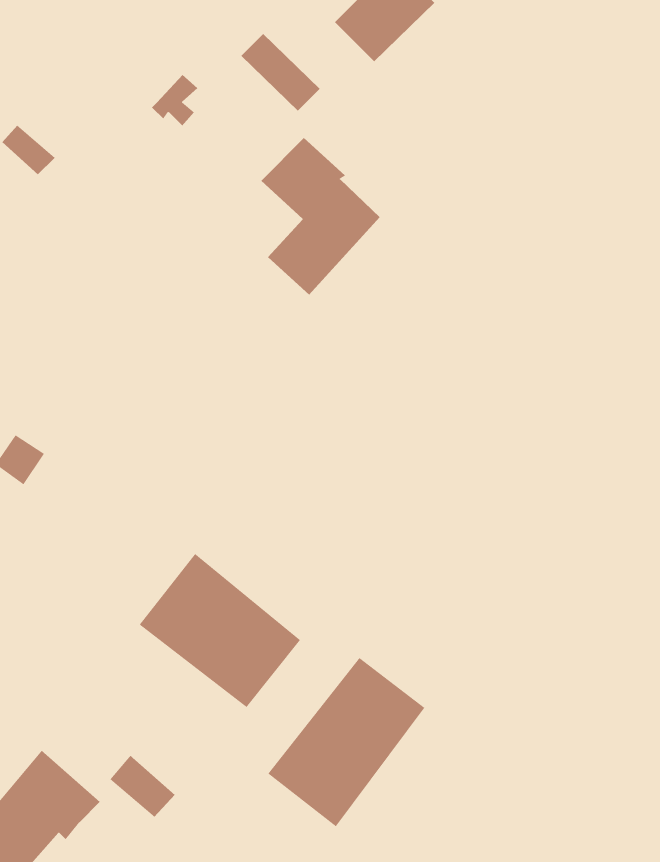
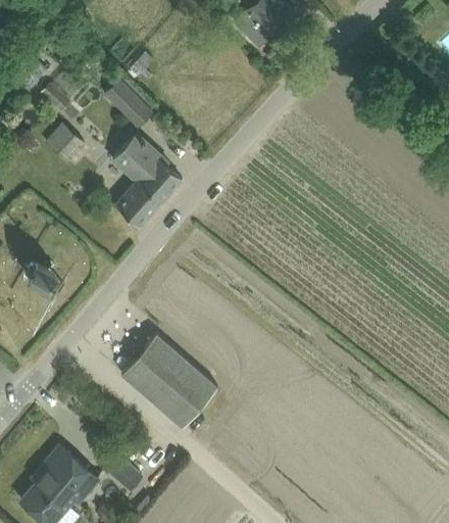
building: [240,33,321,112] -> [104,80,151,126]
building: [260,137,381,296] -> [111,134,182,227]
building: none -> [46,124,83,161]
building: [268,657,425,827] -> none

